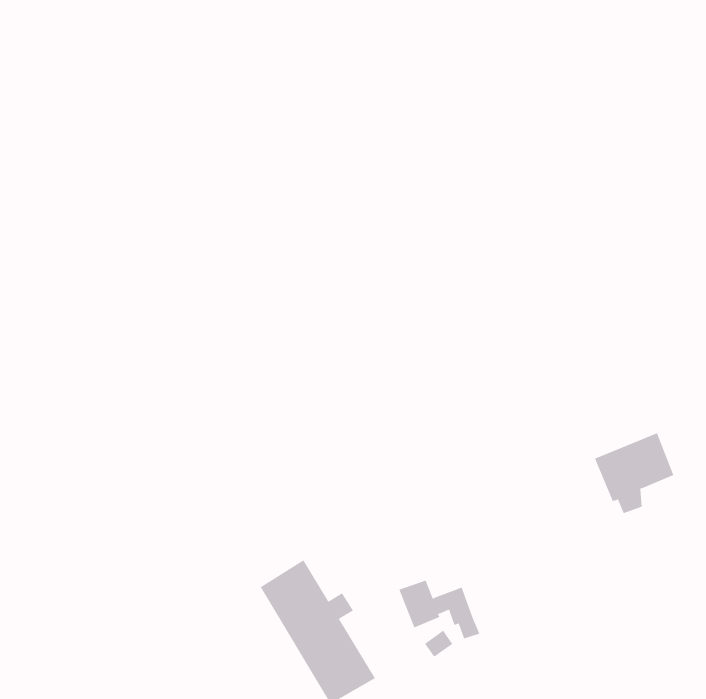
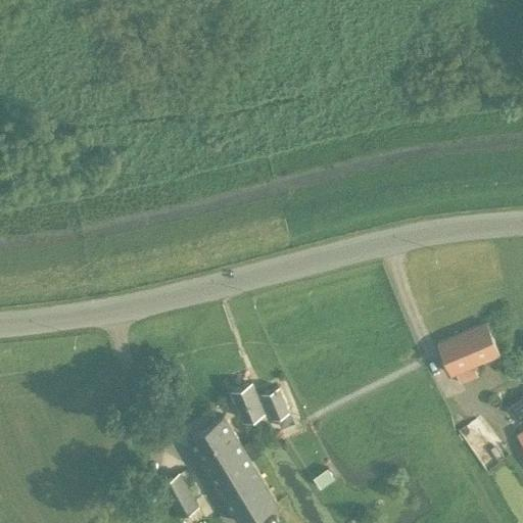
building: [399,580,480,639] -> [233,386,293,430]
building: none -> [163,477,197,518]

